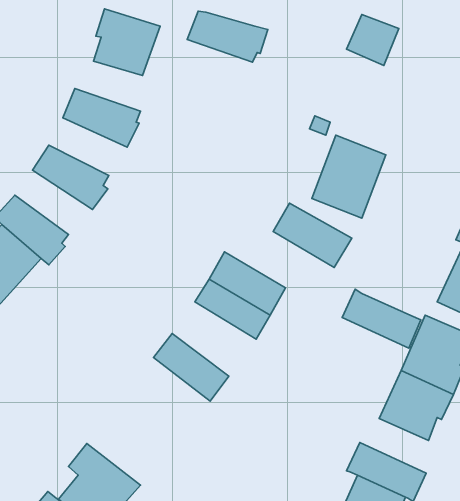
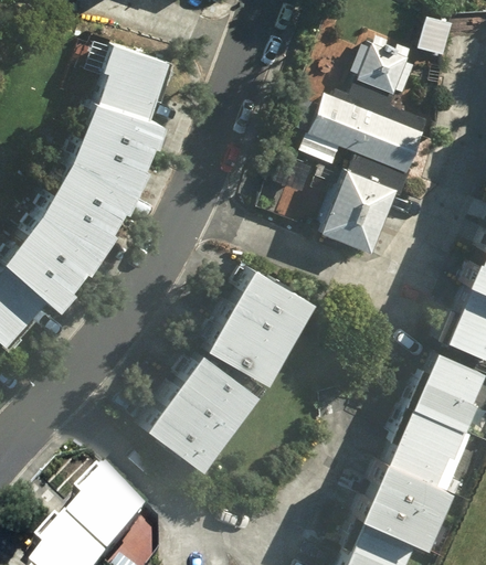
building: [187,11,268,62] -> [86,95,168,147]
building: none -> [314,100,429,180]
building: none -> [60,153,139,212]
building: none -> [25,206,104,271]
building: [273,203,352,267] -> [237,260,317,326]
building: [342,289,421,348] -> [374,454,454,513]
building: none -> [184,344,262,415]
building: none -> [146,396,223,466]

